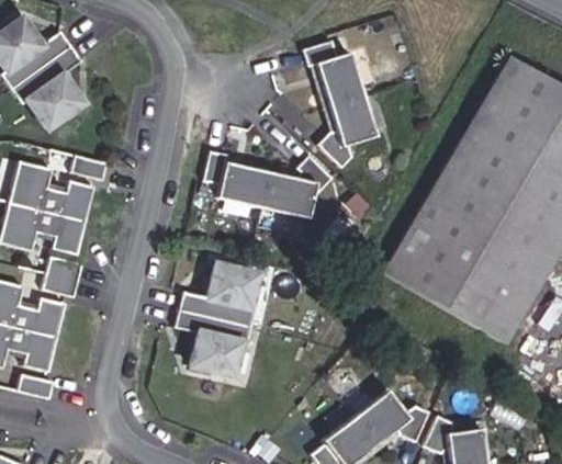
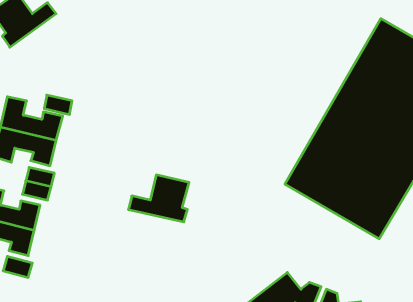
building: [301,39,383,166] -> none
building: [23,53,93,135] -> none
building: [205,144,334,219] -> none
building: [173,308,250,374] -> none

